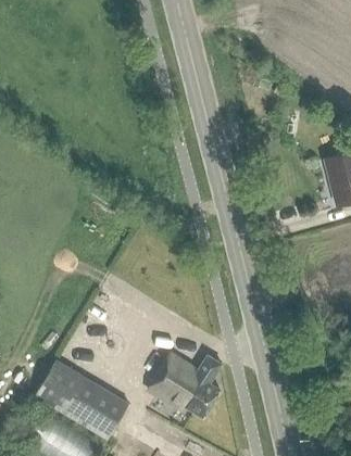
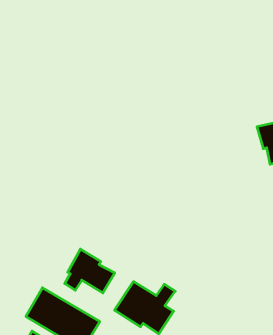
building: none -> [65,249,115,293]

